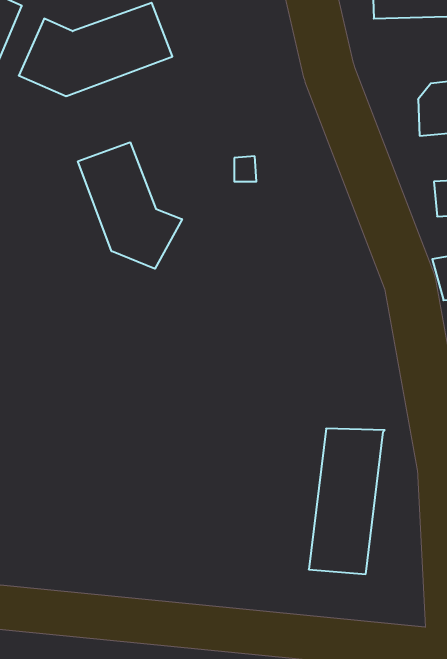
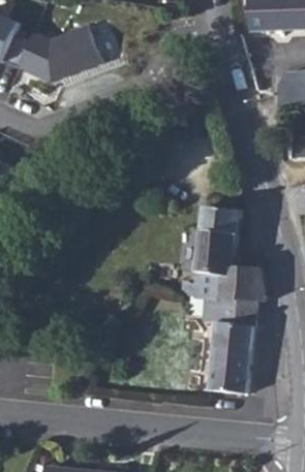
building: [78,142,182,269] -> none
building: none -> [180,206,264,302]

